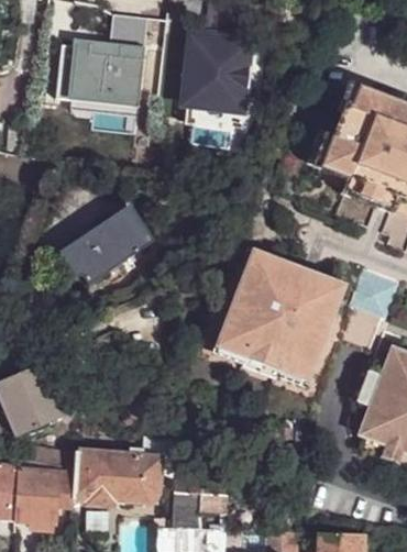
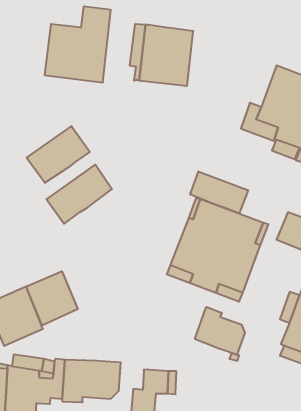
building: none -> [27,126,90,183]
building: none -> [190,171,248,213]
building: none -> [26,271,78,325]
building: none -> [195,307,245,355]

